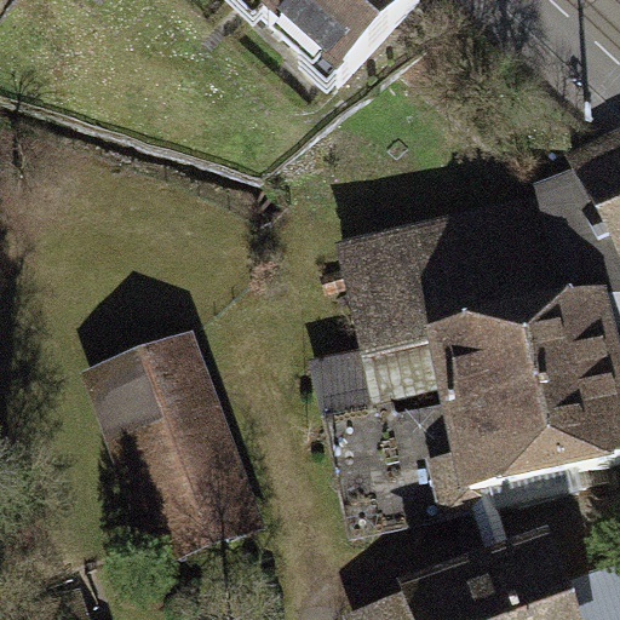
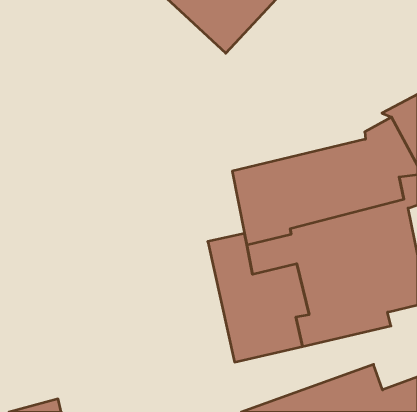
building: [81,328,270,569] -> none

